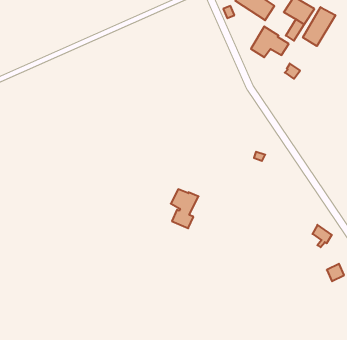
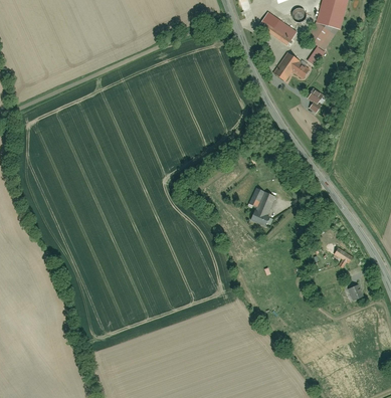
building: [303,7,335,46] -> none
building: [171,189,199,228] -> [249,188,276,226]

